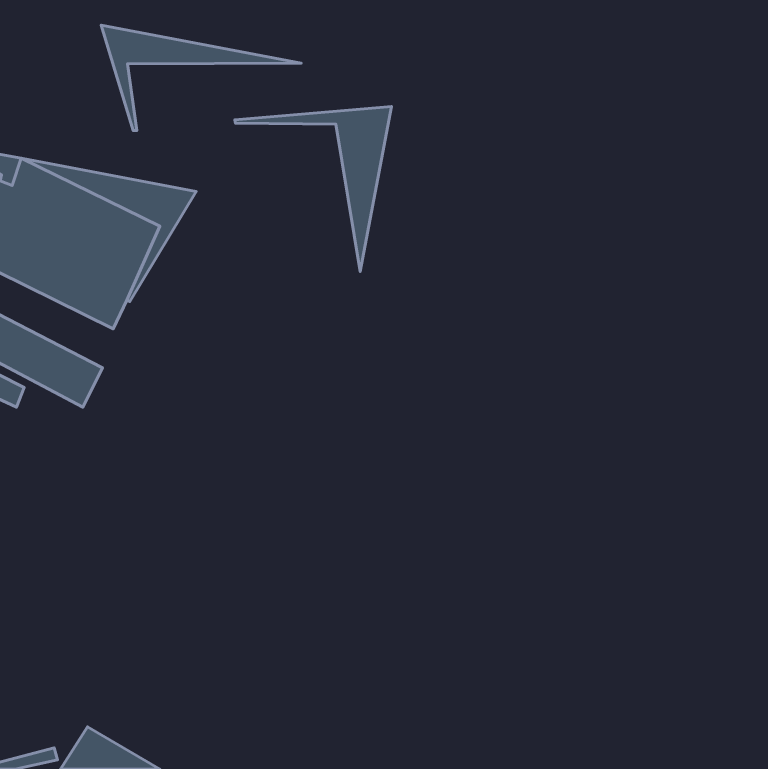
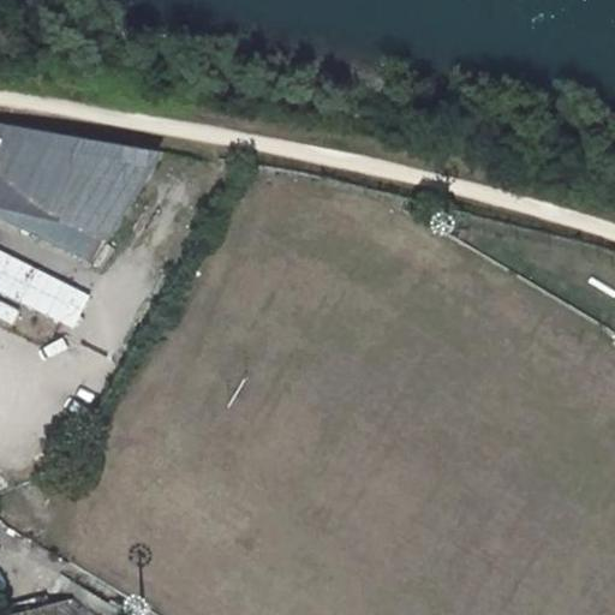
building: [101,25,301,131] -> none
building: [235,107,391,272] -> none

